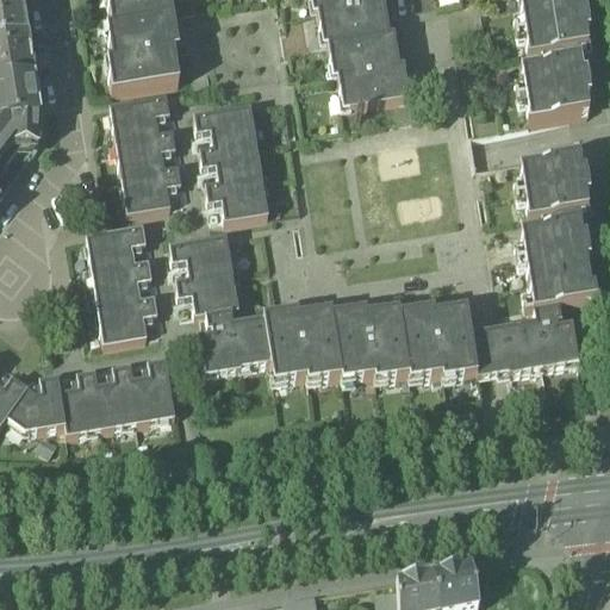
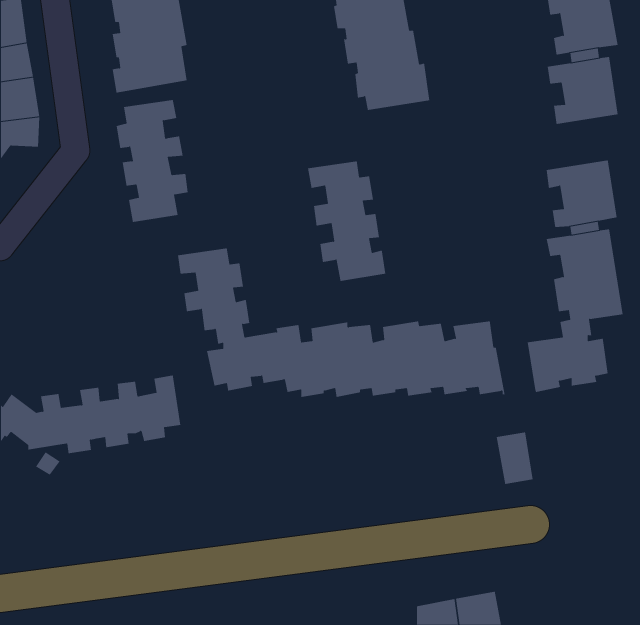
building: [194,104,269,218] -> [307,161,386,281]
building: [89,224,157,341] -> none
building: [473,324,509,374] -> [496,432,533,485]

